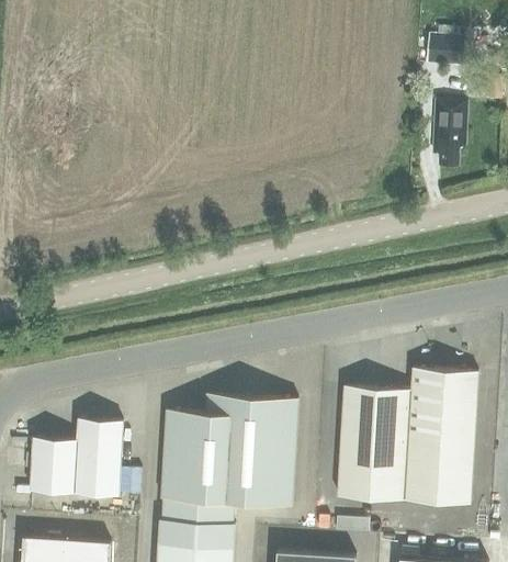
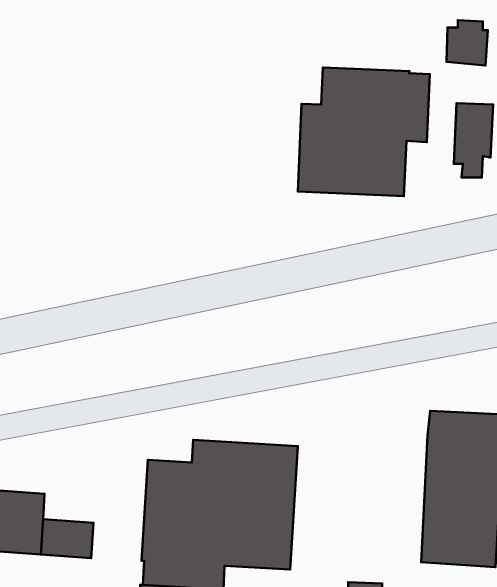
building: none -> [298,68,430,196]
building: [337,387,410,502] -> none
building: [76,420,122,468] -> none

